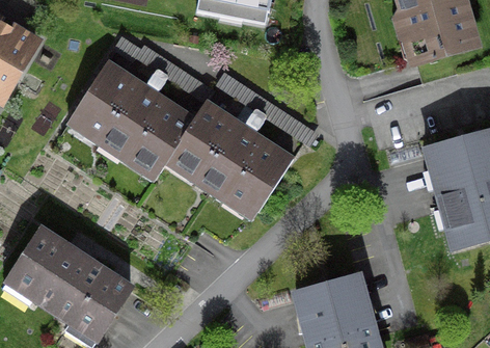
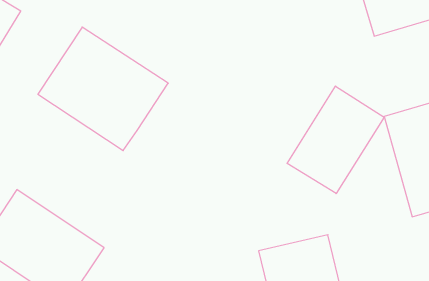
building: [165,100,292,218] -> none
building: none -> [287,86,384,194]

